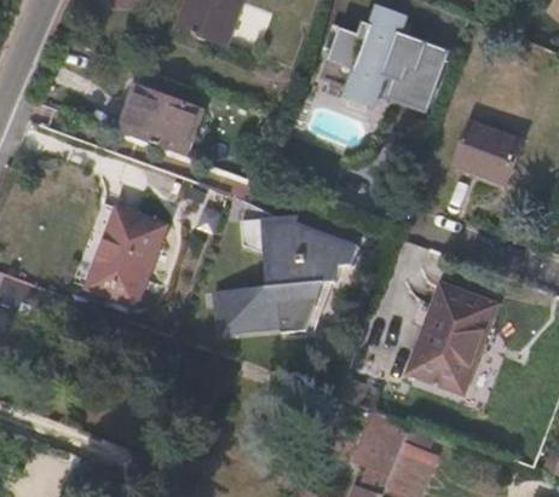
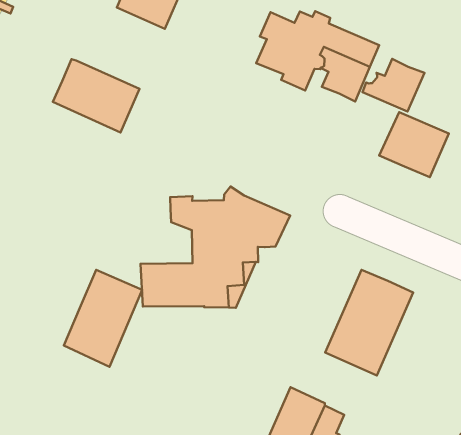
building: none -> [363,59,425,112]
building: [87,207,165,306] -> [64,270,142,367]

